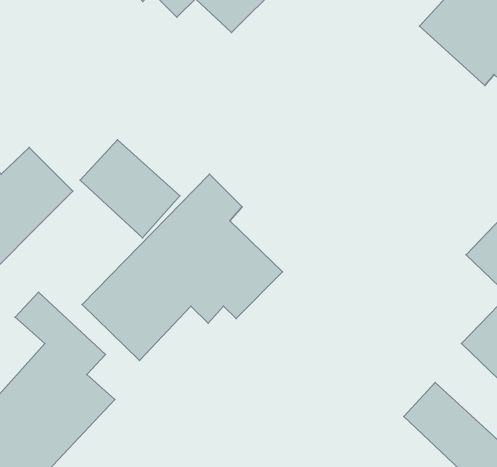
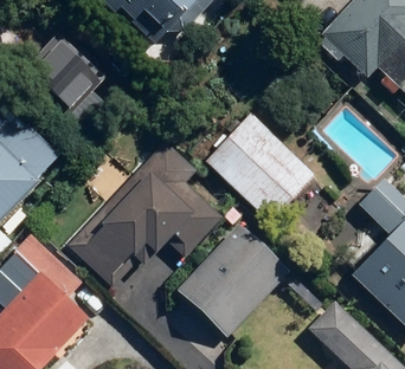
building: none -> [202,109,320,225]
building: [80,140,180,238] -> [28,33,104,108]
building: none -> [175,220,295,341]

